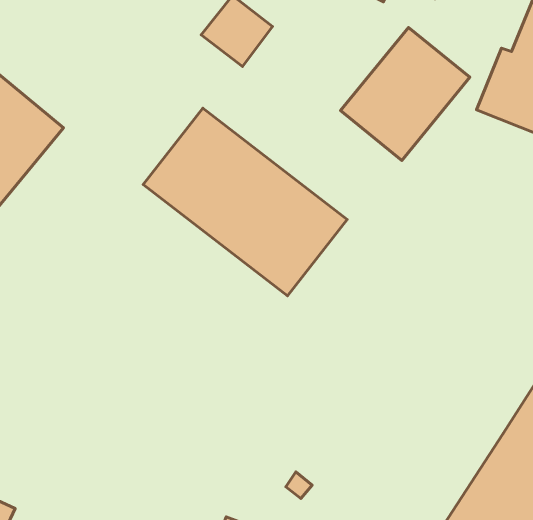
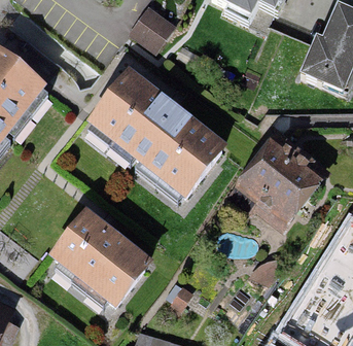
building: [340,27,470,160] -> [240,140,320,222]
building: none -> [51,214,147,305]

